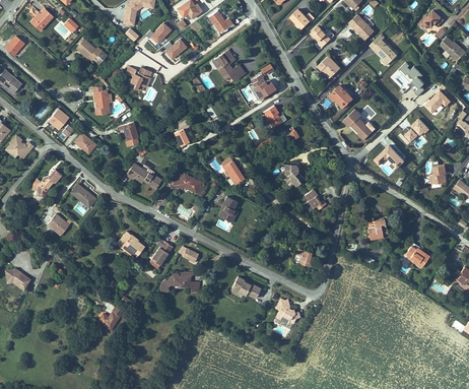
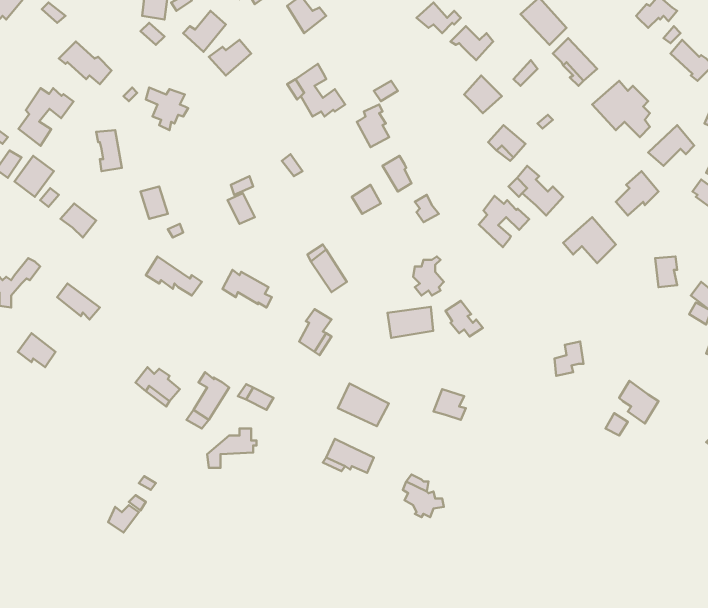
building: none -> [19,88,74,146]
building: none -> [479,196,529,247]
building: none -> [387,307,433,338]
building: none -> [338,384,389,426]

